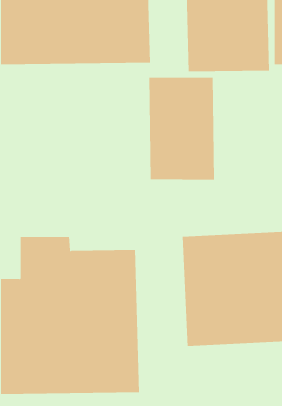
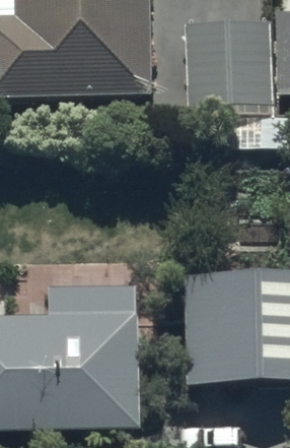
building: [149,77,215,180] -> none

